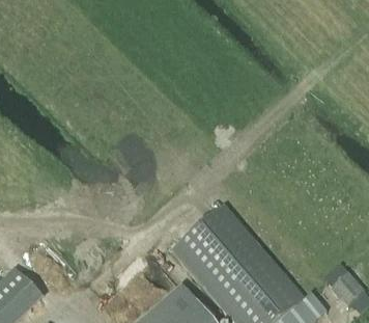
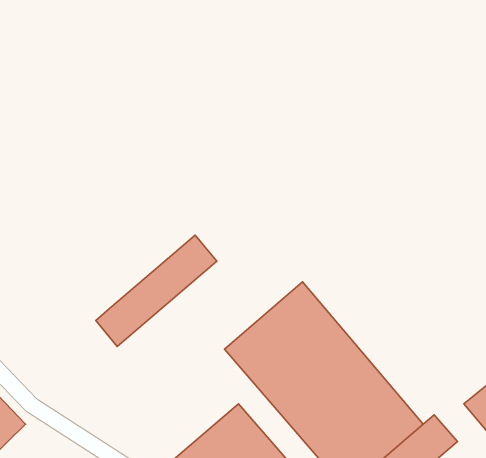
building: none -> [96,235,217,347]

